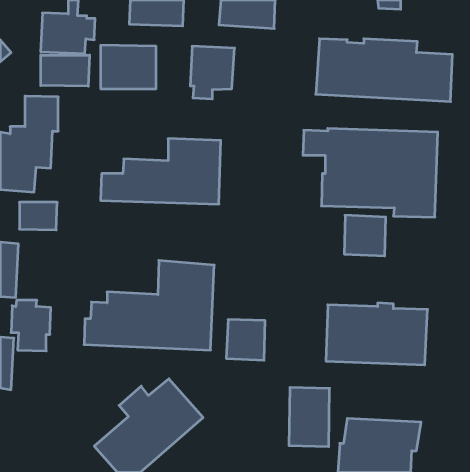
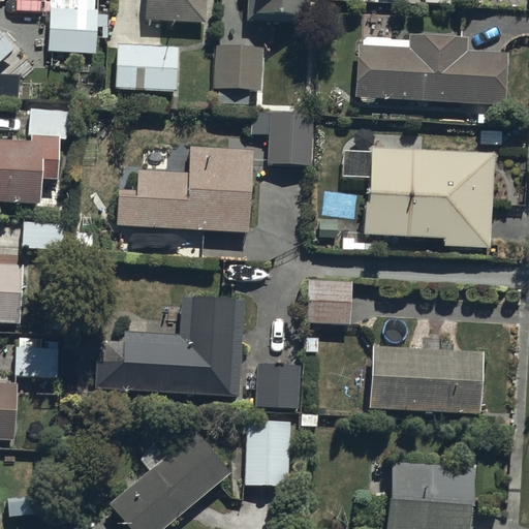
building: [41,55,90,86] -> none
building: none -> [269,119,315,173]
building: [344,215,386,256] -> [304,280,350,325]
building: [289,387,330,447] -> [245,423,290,489]

